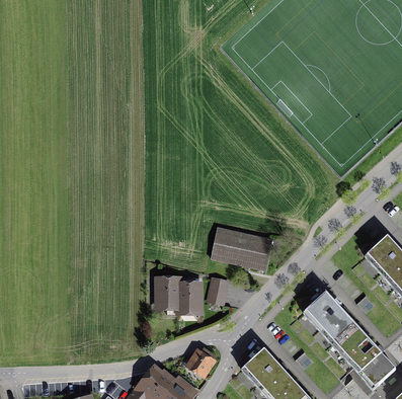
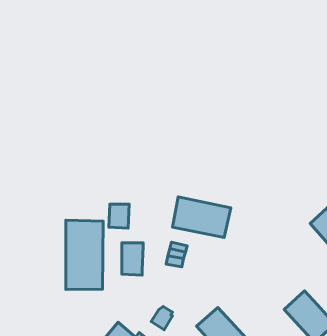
building: none -> [66,220,103,289]
building: [181,283,204,309] -> [109,204,129,228]
building: [303,293,359,351] -> none

